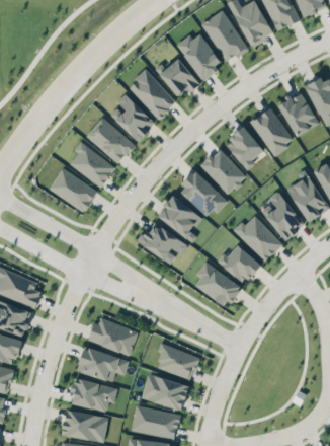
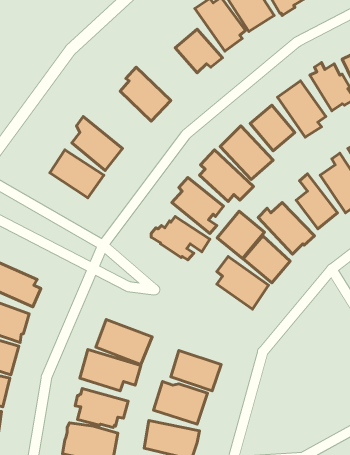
building: [128,70,177,120] -> none
building: [87,120,134,164] -> none
building: none -> [217,211,264,259]

